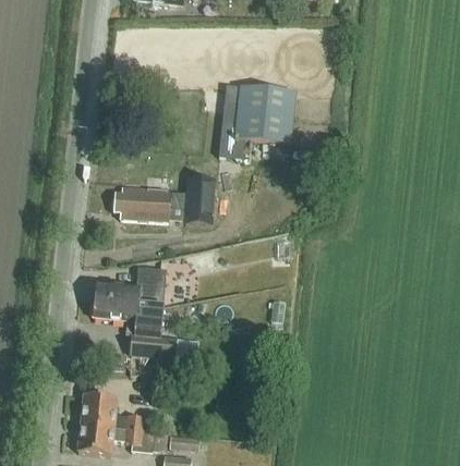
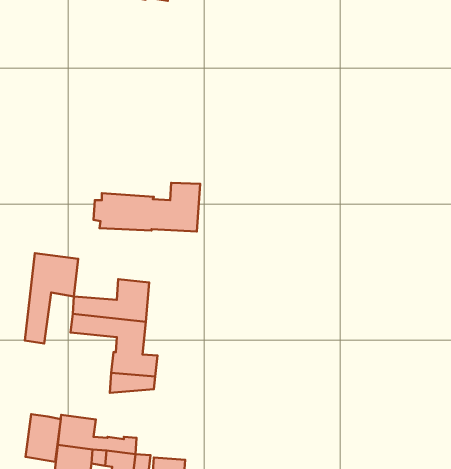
building: [219,84,295,158] -> none
building: none -> [25,253,78,344]
building: none -> [26,414,61,462]

